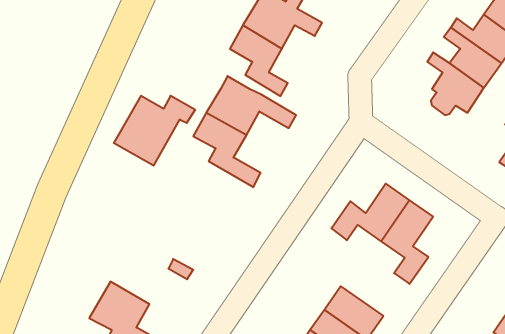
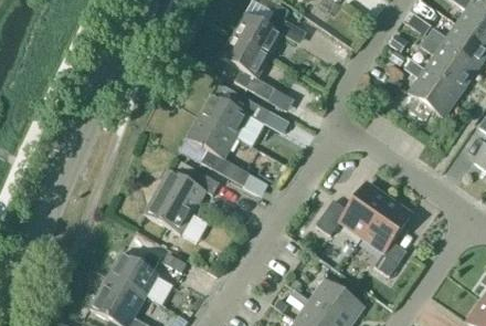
building: [114,96,195,165] -> [144,169,220,234]
building: none -> [109,252,160,295]

